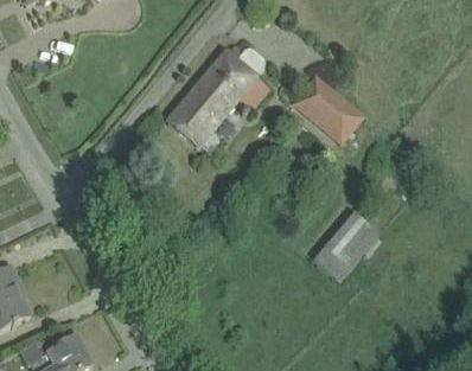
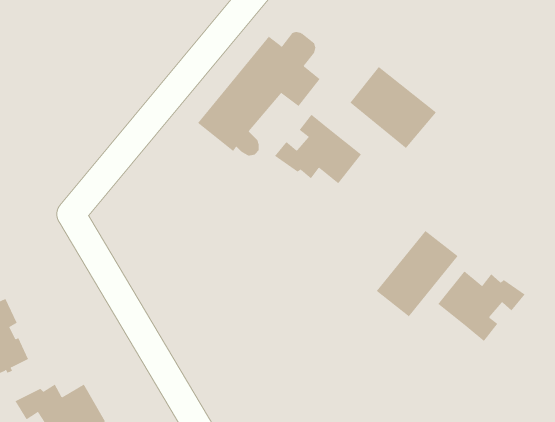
building: none -> [274,114,362,184]
building: none -> [438,271,526,342]

